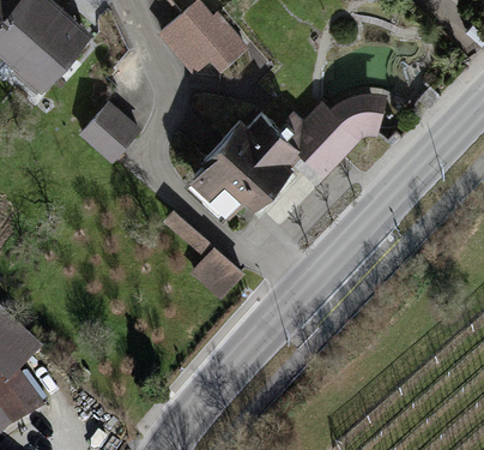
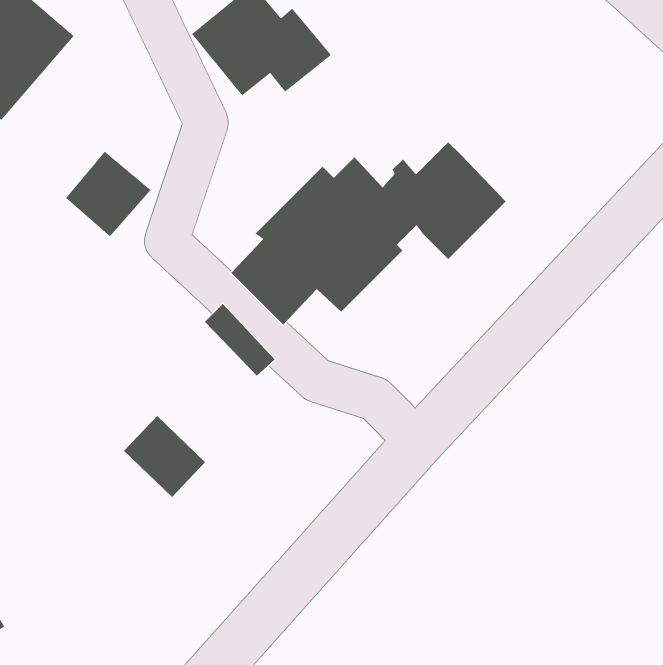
building: [331,94,388,140] -> none
building: [190,247,243,300] -> [123,415,206,498]

